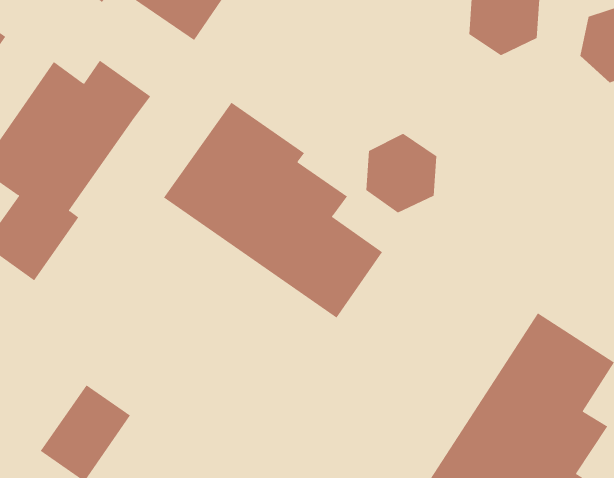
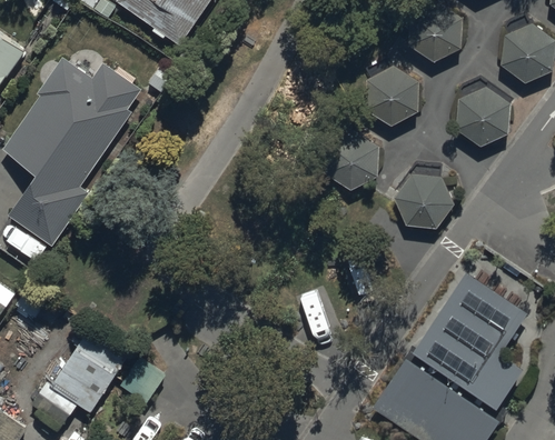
building: none -> [361,61,420,127]
building: none -> [452,84,509,150]
building: [163,102,383,319] -> none
building: none -> [386,158,450,217]

